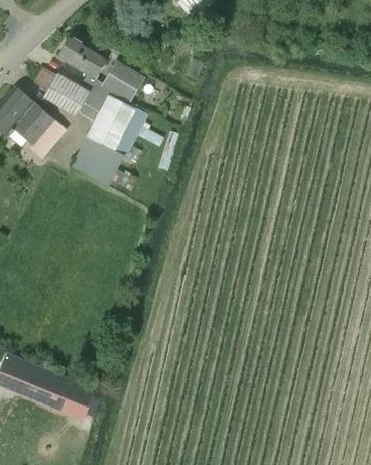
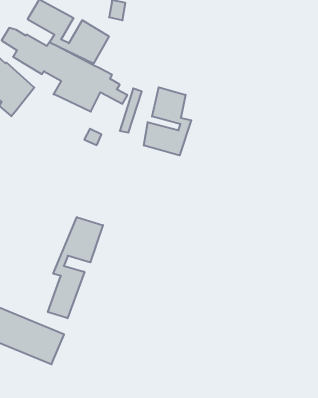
building: none -> [144,87,191,155]
building: none -> [48,217,103,318]

